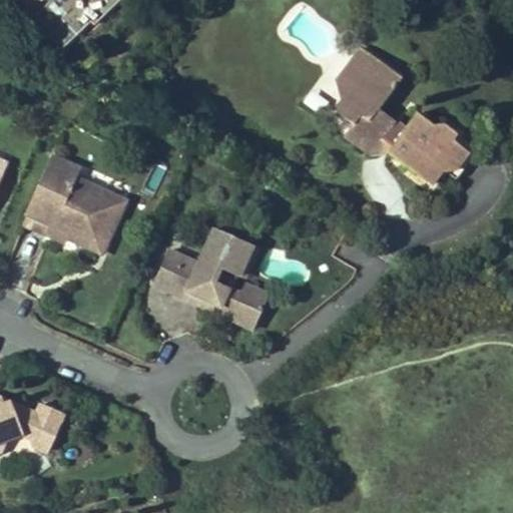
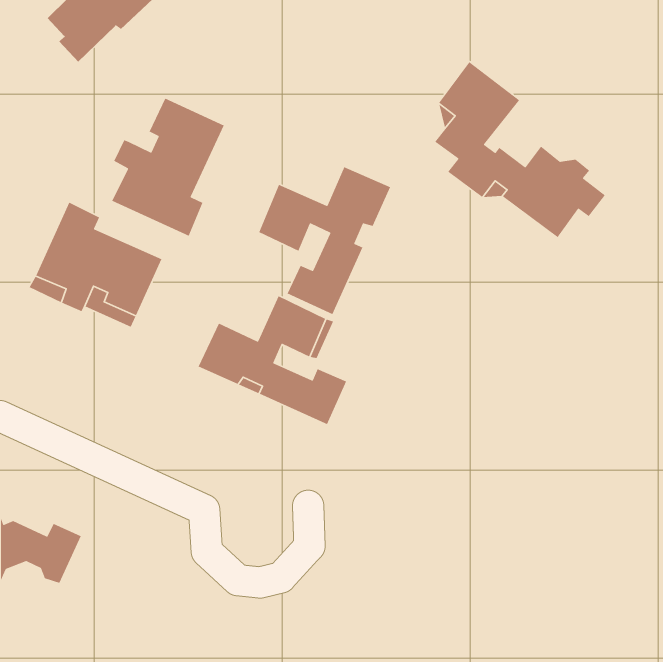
building: none -> [111,98,225,237]
building: none -> [258,166,391,315]

